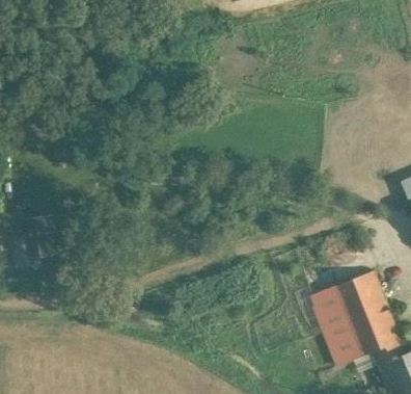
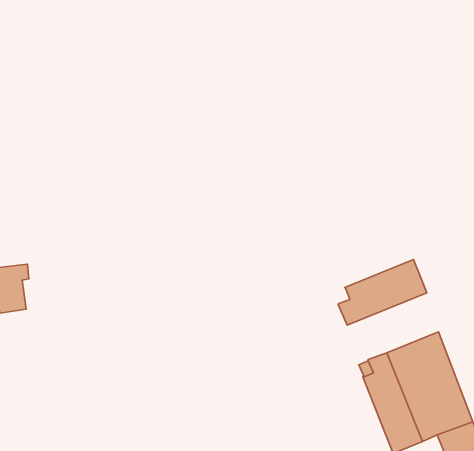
building: none -> [338,259,427,325]

